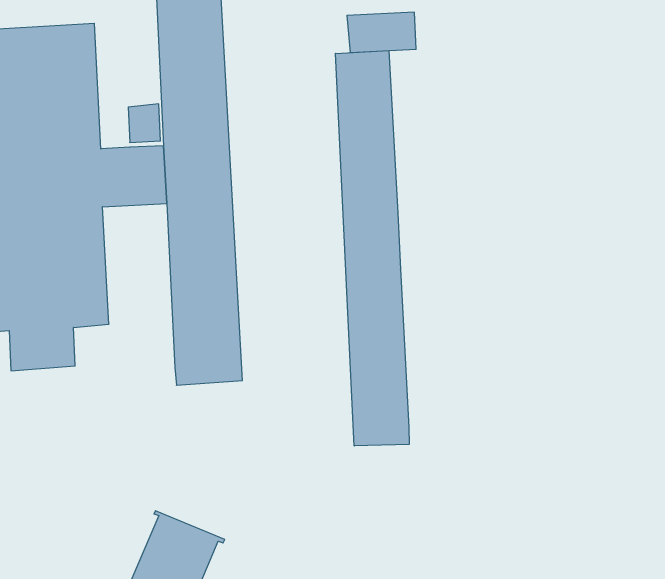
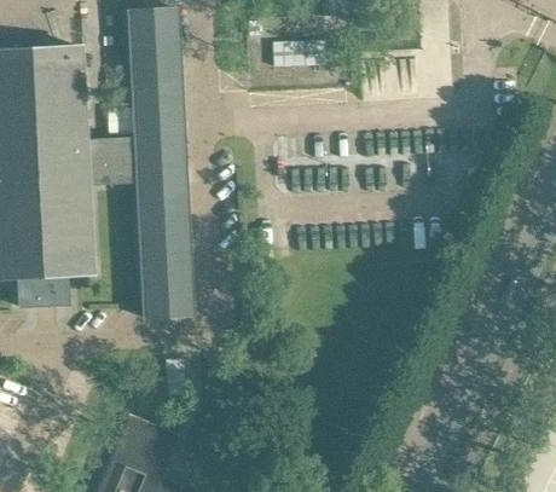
building: [335,51,409,446] -> none

